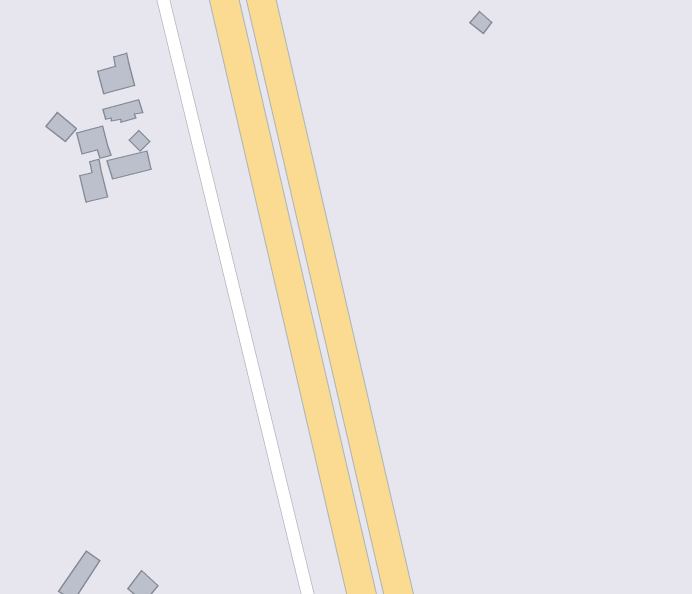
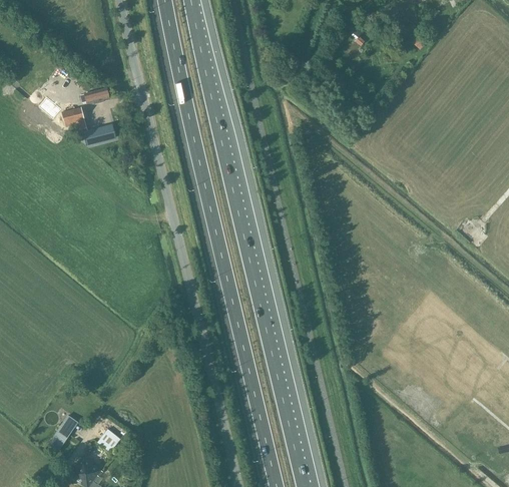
building: [98,53,135,94] -> none
building: [80,159,107,202] -> none

